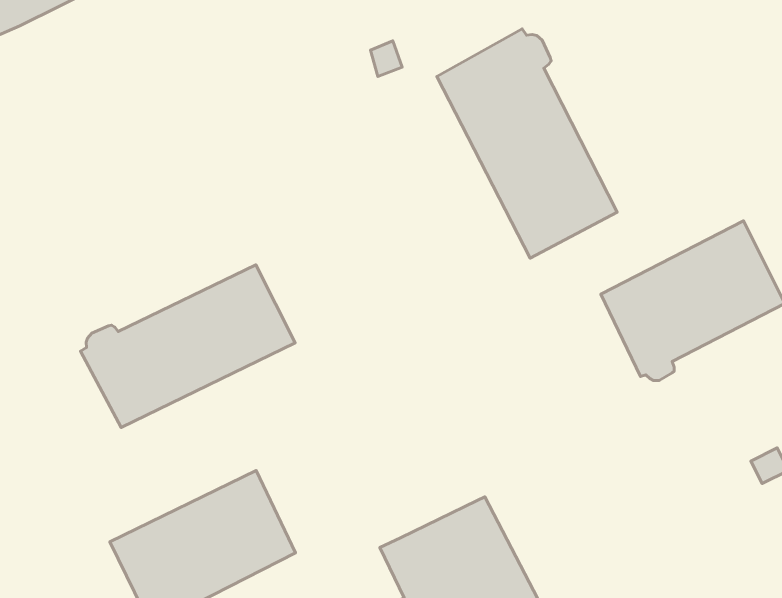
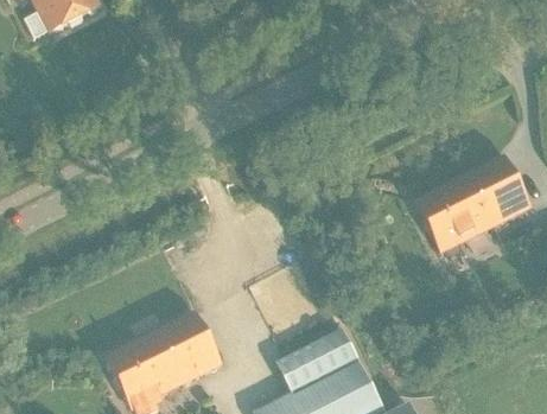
building: [437,29,617,258] -> none
building: [81,265,295,428] -> none

